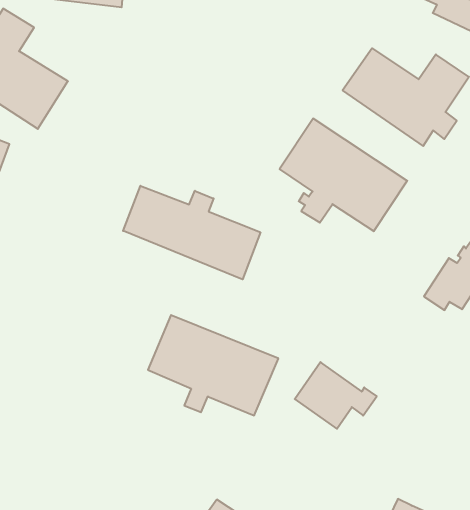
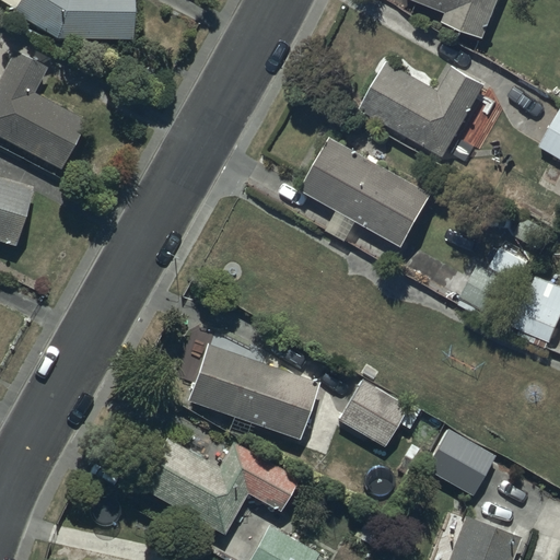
building: [123,186,260,279] -> none
building: none -> [137,438,296,536]
building: none -> [427,432,494,497]

